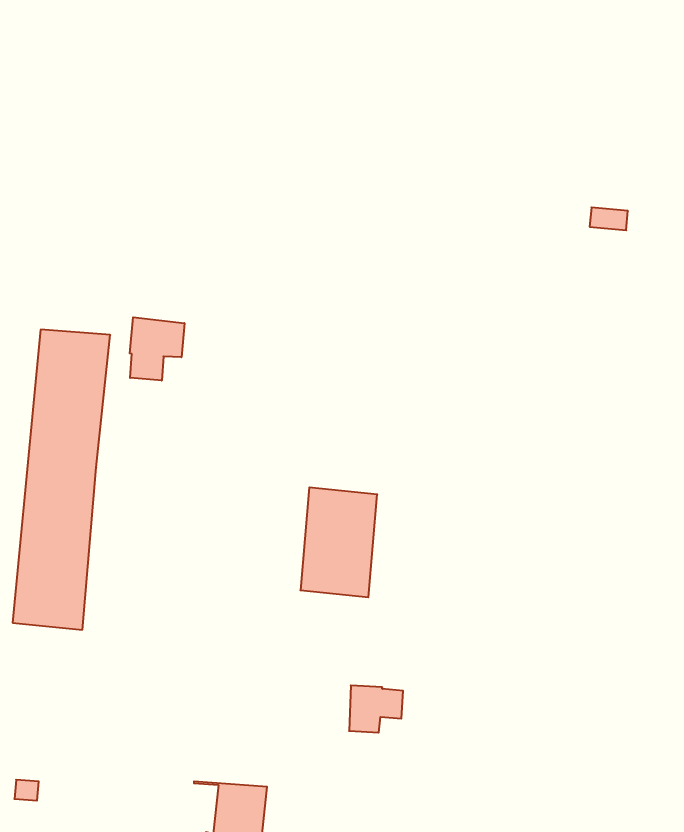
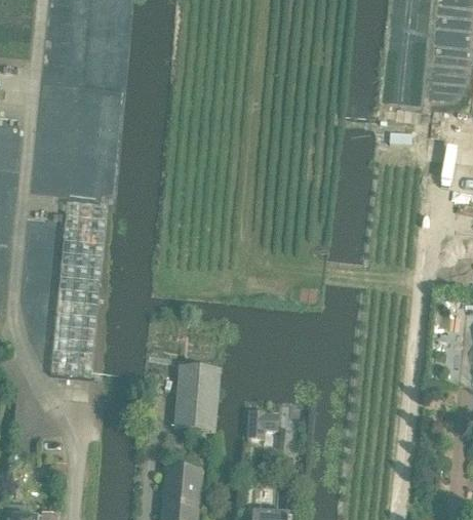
building: [130,317,184,381] -> none
building: [300,487,377,597] -> [175,365,221,430]

